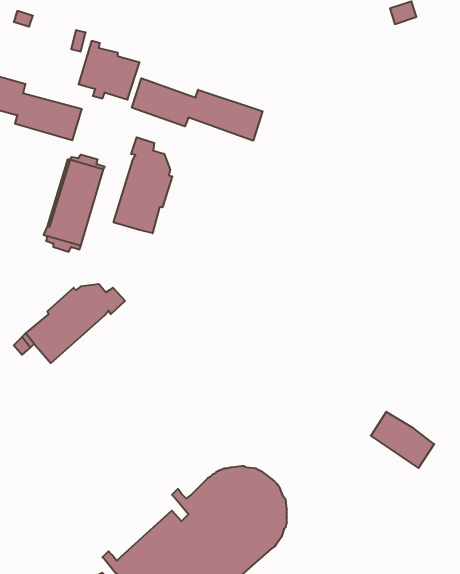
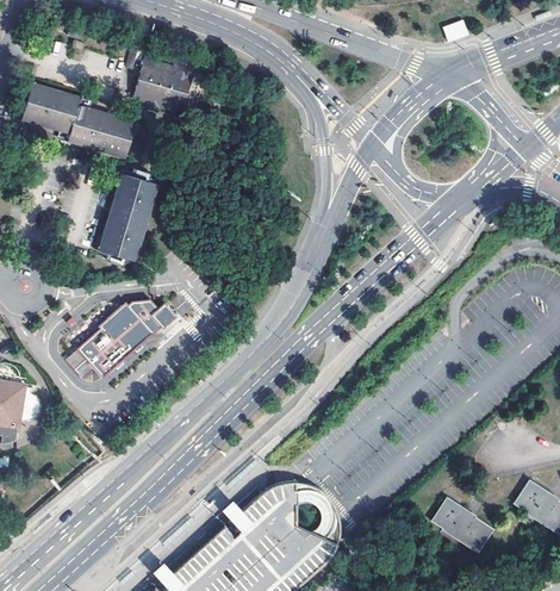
building: [132,78,263,141] -> none
building: [114,137,172,233] -> none
building: [371,412,434,468] -> [430,497,493,553]

